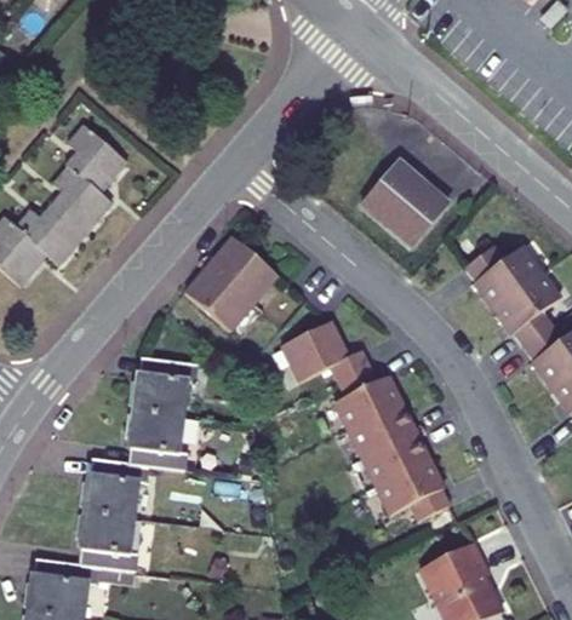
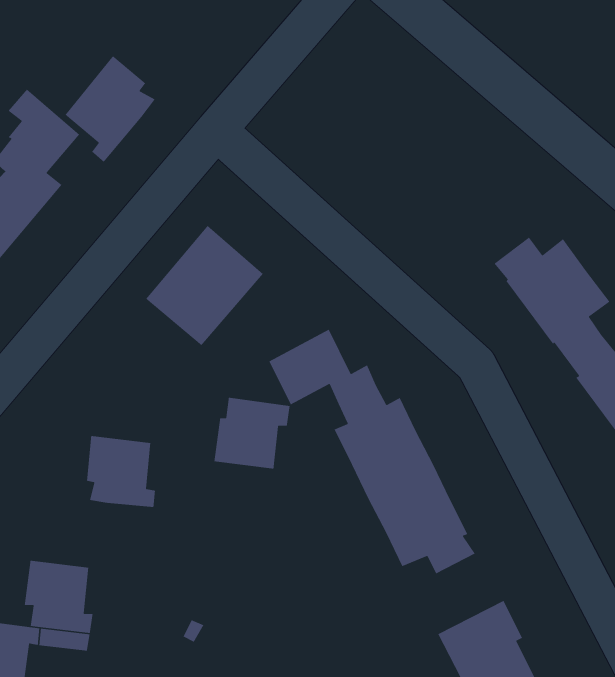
building: none -> [65,55,156,163]
building: [364,160,448,245] -> none
building: [135,355,198,414] -> [213,397,291,469]
building: [85,457,148,516] -> none

